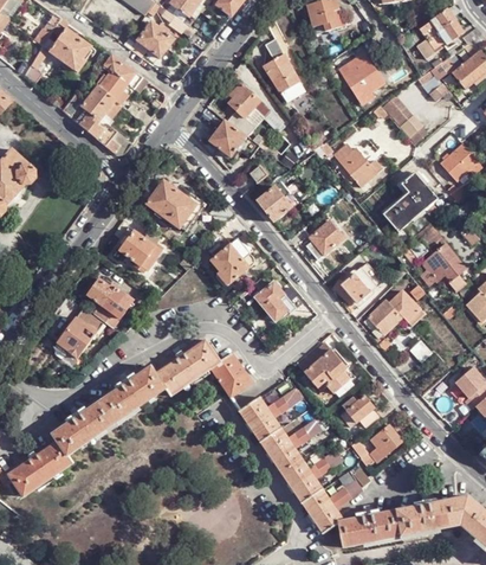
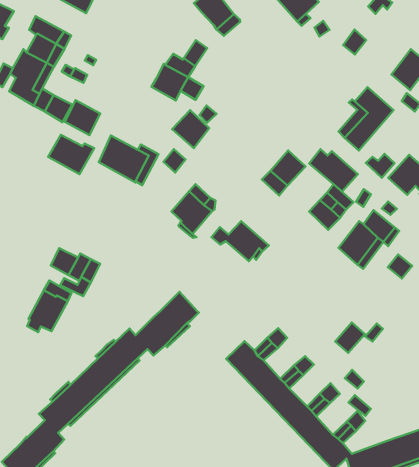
building: [227,81,260,117] -> none
building: none -> [65,100,100,135]
building: [332,142,377,186] -> [309,149,358,192]
building: [255,186,291,223] -> [172,110,209,148]
building: [118,230,163,270] -> [48,135,94,174]
building: [300,344,354,397] -> none
building: [210,352,252,396] -> none
building: [370,424,402,456] -> none

